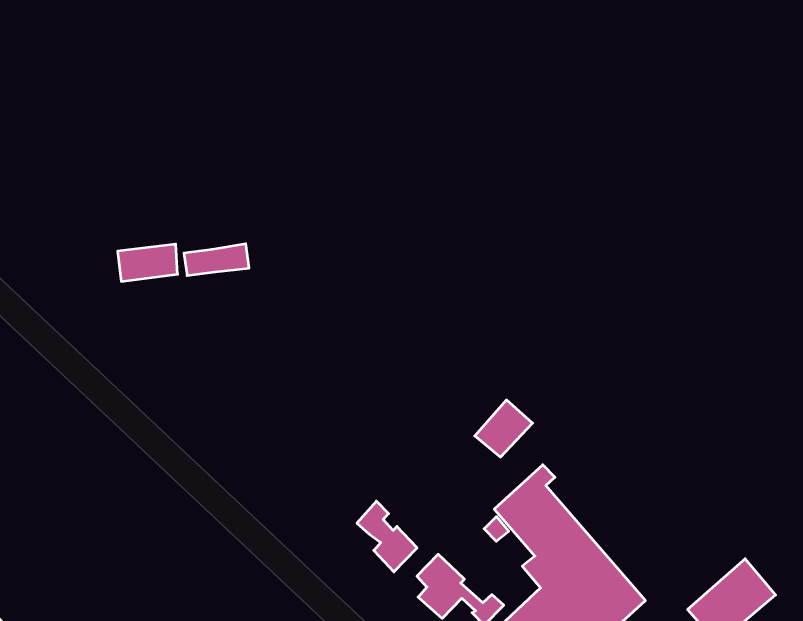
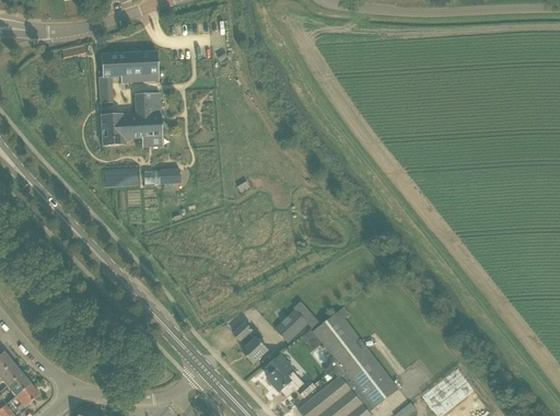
building: none -> [100,50,158,81]
building: none -> [100,92,162,146]
building: [475,400,533,457] -> [273,308,307,340]

